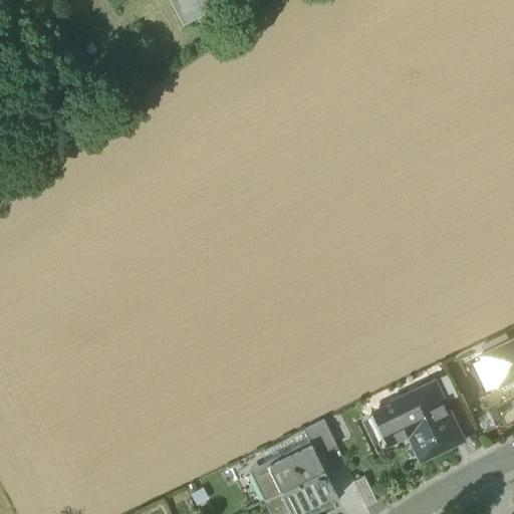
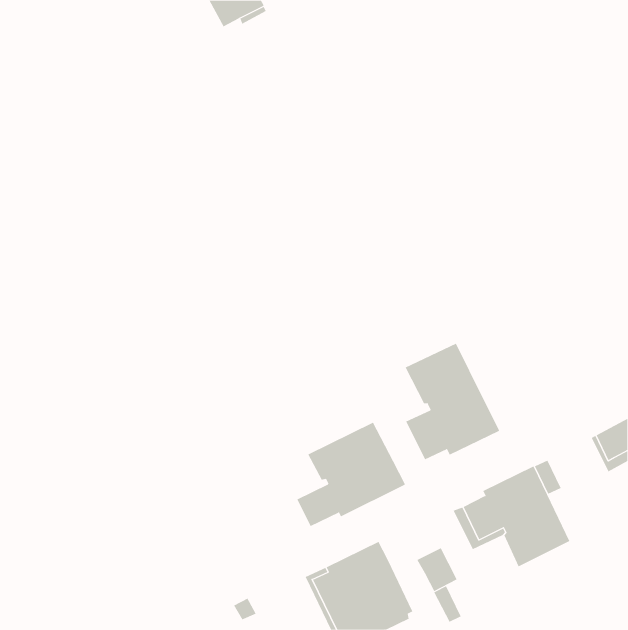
building: none -> [405,343,500,460]
building: none -> [296,422,406,527]
building: [302,420,335,456] -> [417,547,457,592]

